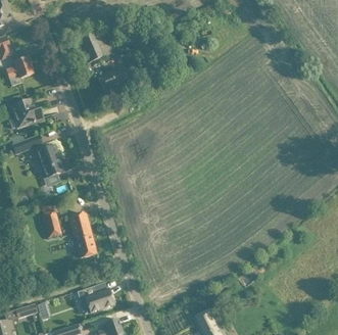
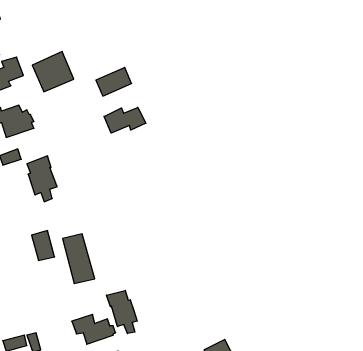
building: [78,26,114,61] -> [32,52,74,92]
building: none -> [104,107,146,133]
building: none -> [106,290,137,334]

